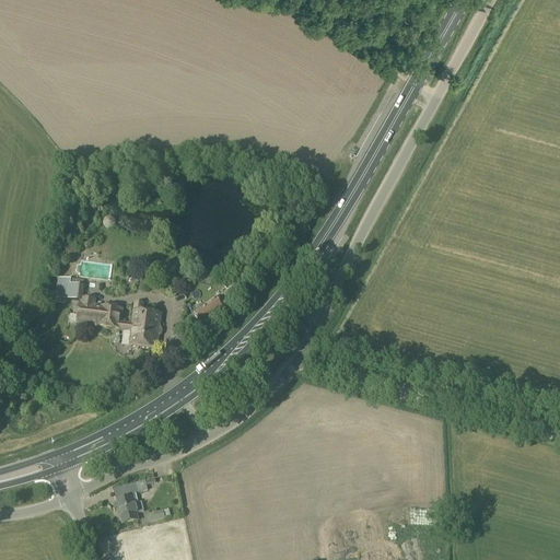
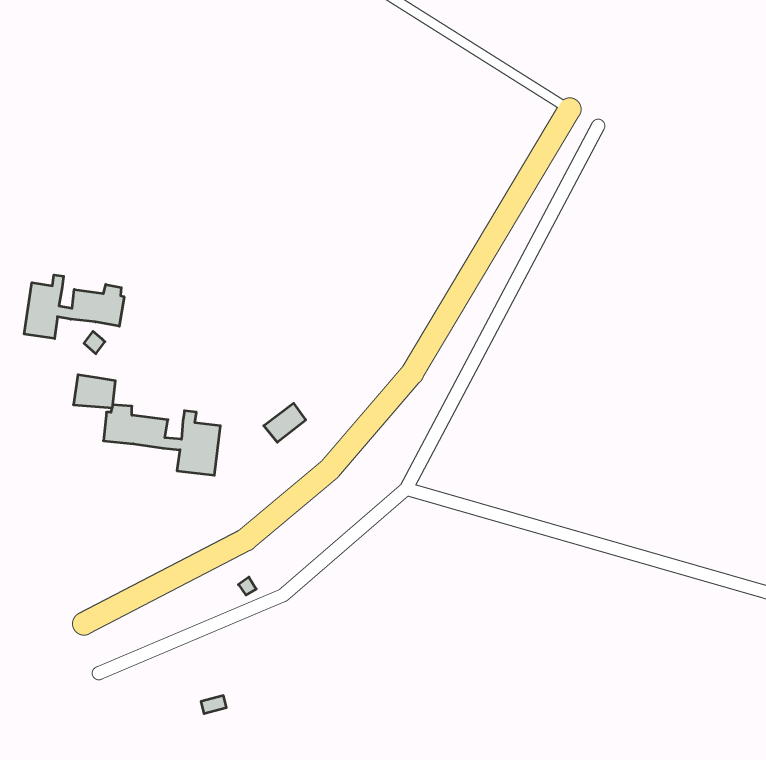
building: none -> [24,275,124,339]
building: [113,476,155,522] -> none

